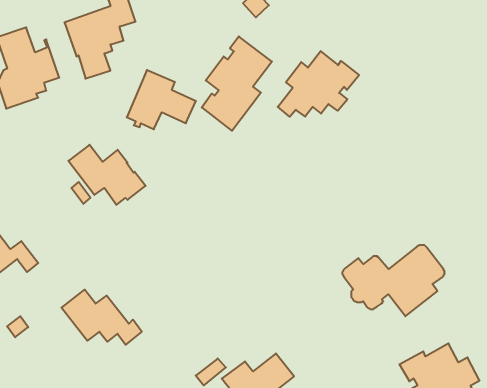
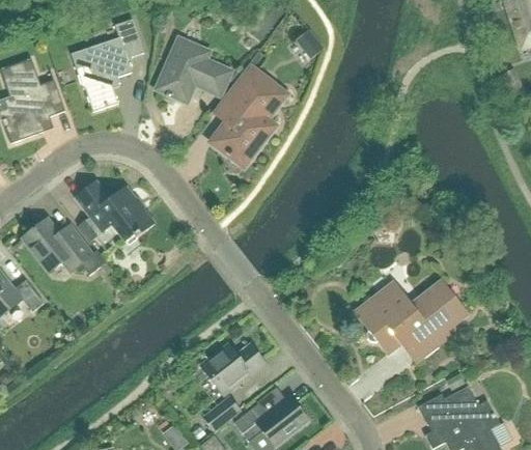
building: [278,51,359,117] -> none
building: [127,70,196,129] -> [158,38,229,100]
building: [61,290,142,345] -> [23,218,106,275]
building: none -> [201,344,264,393]

